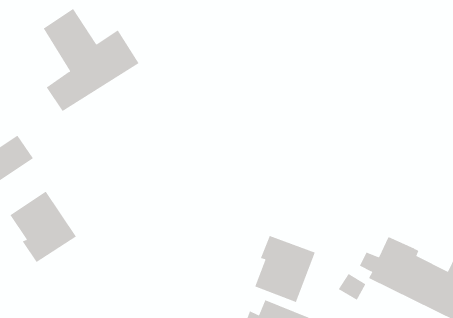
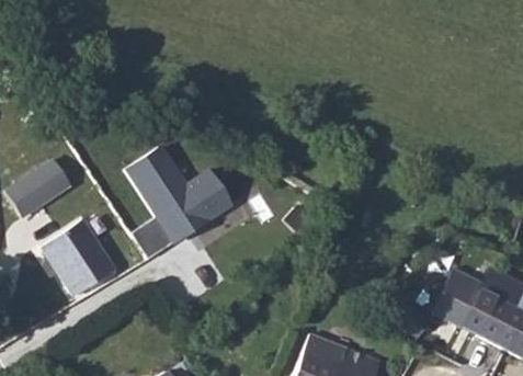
building: [43,8,139,112] -> [128,144,232,255]
building: [254,235,316,303] -> none

